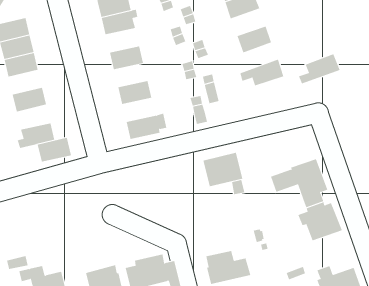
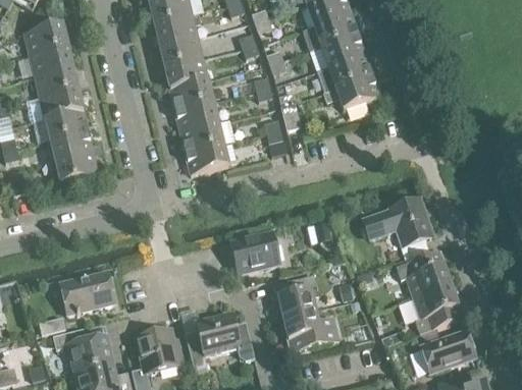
building: none -> [303,12,357,51]
building: none -> [159,37,202,66]
building: [298,54,341,84] -> [320,54,372,92]
building: none -> [169,79,212,109]
building: none -> [40,88,83,118]
building: none -> [179,122,222,152]
building: [37,137,72,162] -> [50,130,93,161]
building: [203,152,243,187] -> [229,231,279,274]
building: none -> [59,271,114,315]
building: none -> [272,274,318,317]
building: none -> [413,285,462,334]

